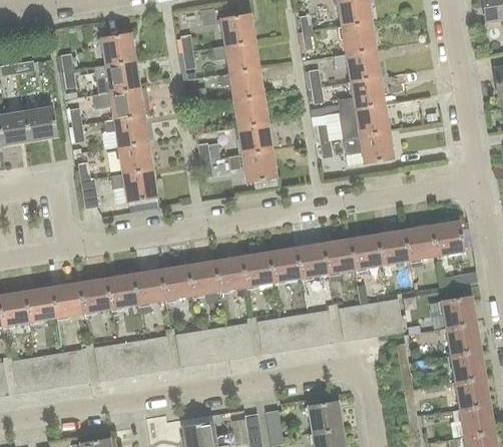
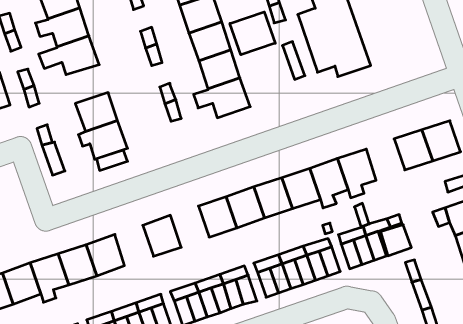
building: none -> [230,12,275,55]
building: [103,115,149,147] -> none
building: [378,230,410,265] -> none
building: [187,261,219,296] -> none
building: [133,270,165,304] -> none

